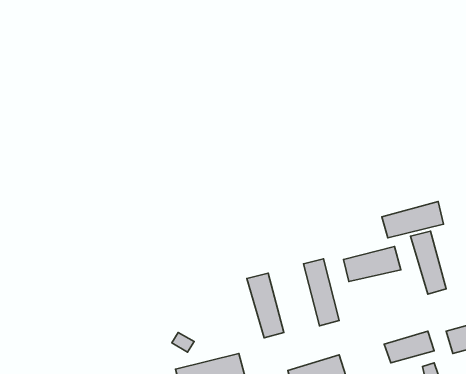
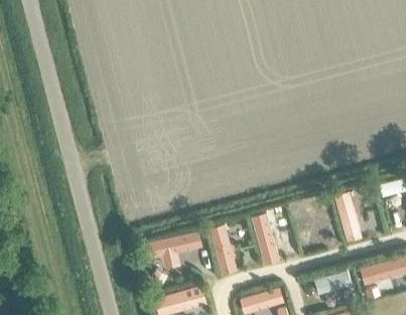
building: [382,202,443,238] -> none
building: [343,246,401,282] -> none
building: none -> [145,230,202,259]

